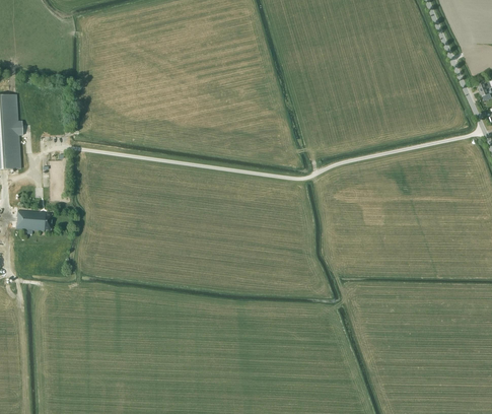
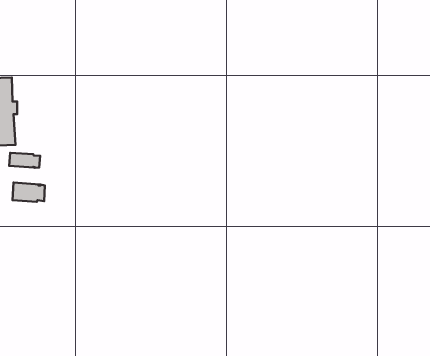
building: none -> [9,153,40,168]

